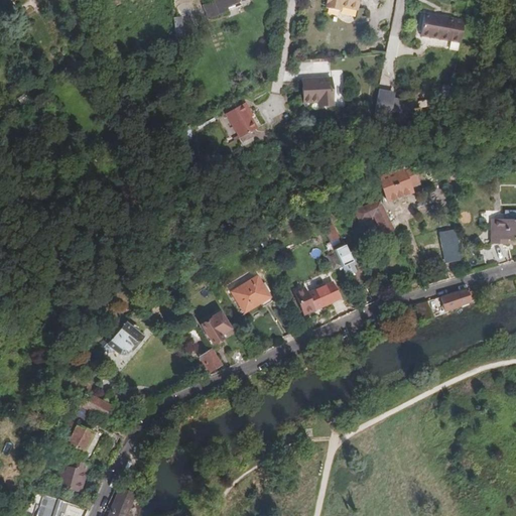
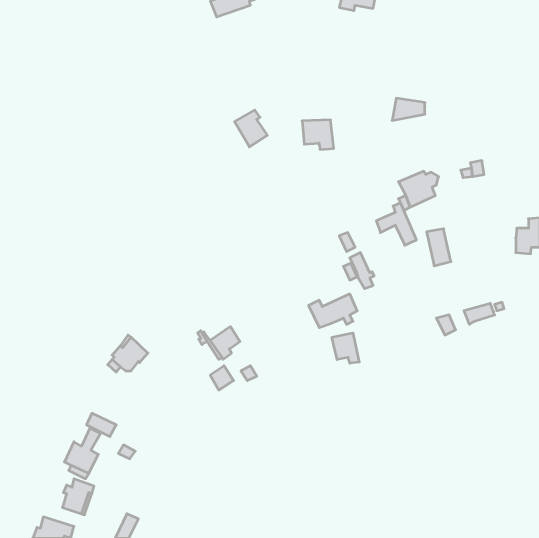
building: [420,15,465,44] -> none
building: [302,80,333,108] -> [302,120,334,149]
building: [440,227,464,262] -> [427,229,451,266]
building: [232,274,273,310] -> none
building: none -> [332,333,359,363]

